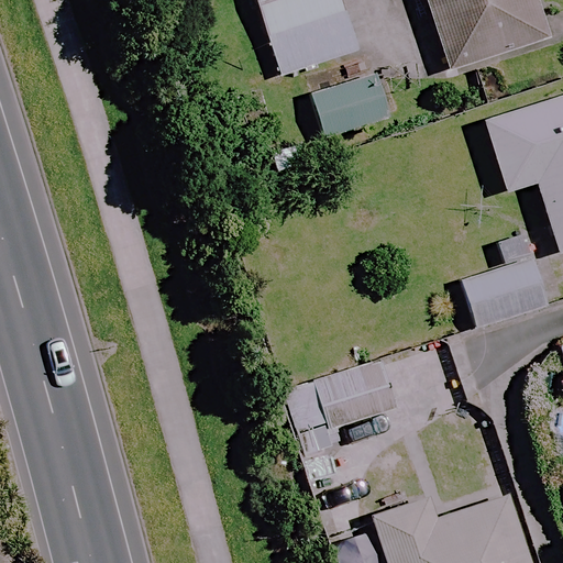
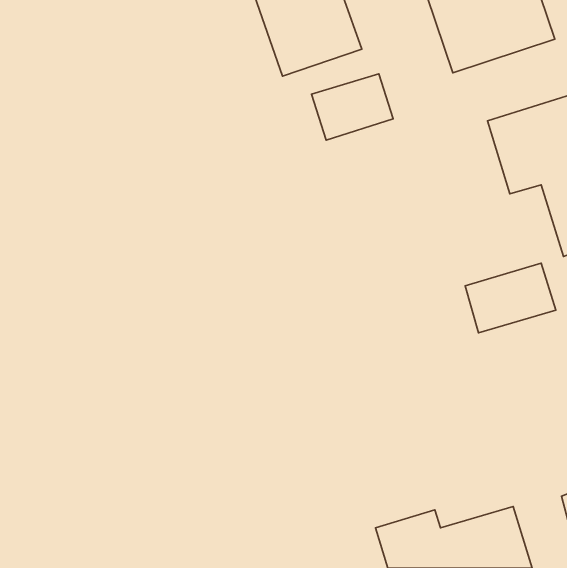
building: [282,358,396,429] -> none

